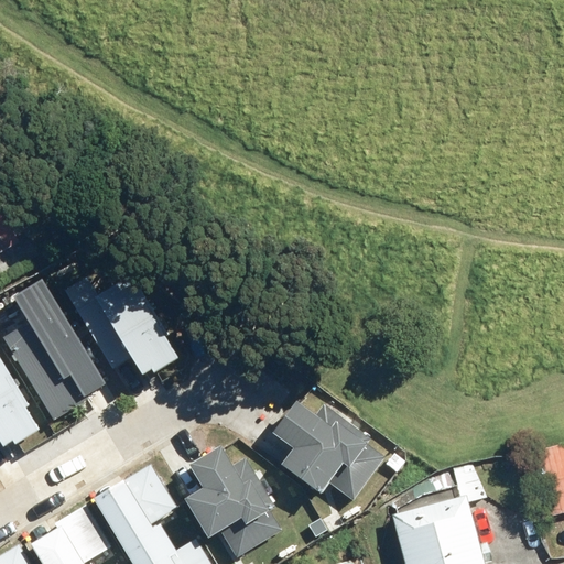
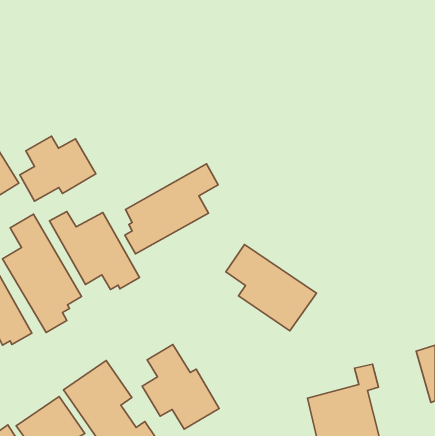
building: none -> [20,136,96,201]
building: none -> [125,164,218,254]
building: [265,397,382,508] -> [226,244,316,331]

